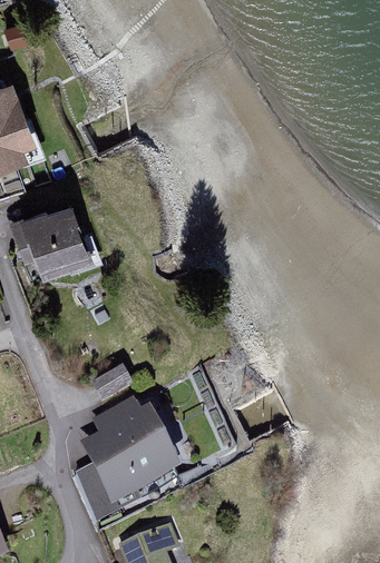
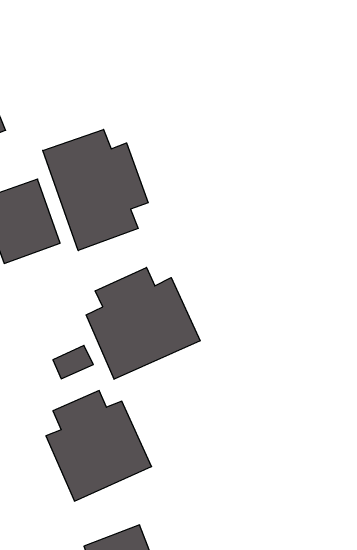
building: none -> [43,129,148,251]
building: none -> [86,267,200,379]

